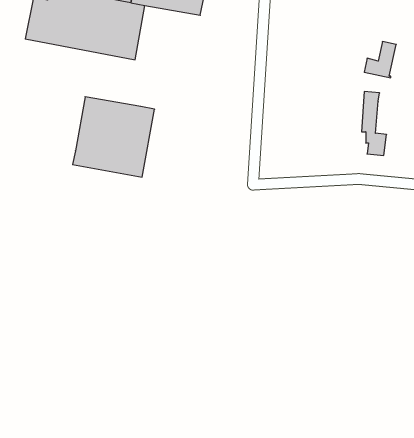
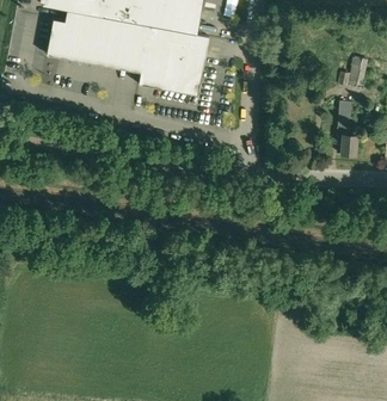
building: [73,97,155,177] -> [139,26,209,95]

